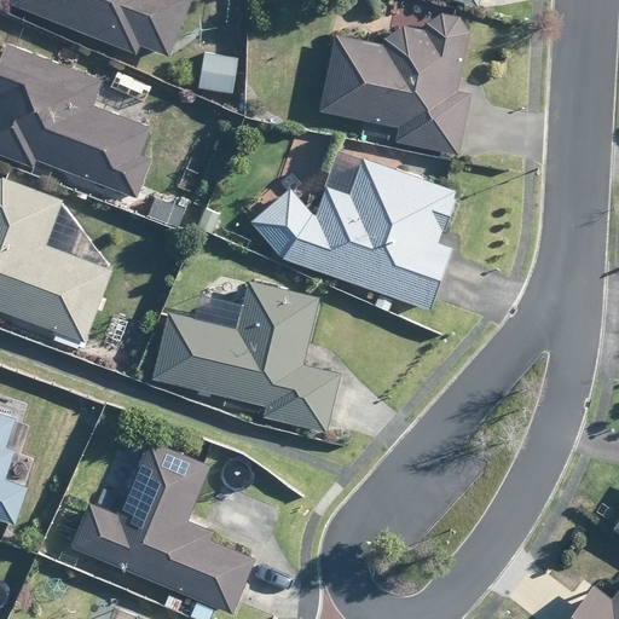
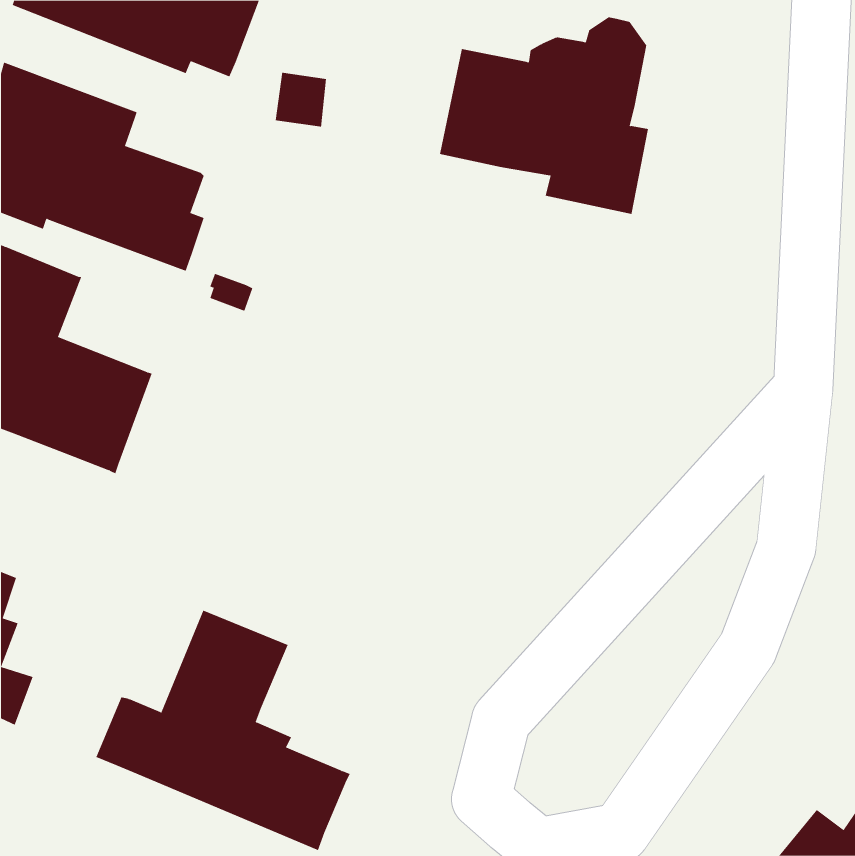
building: [249,158,453,310] -> none
building: [151,280,339,432] -> none

